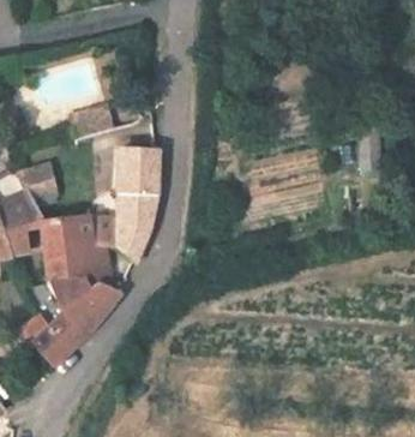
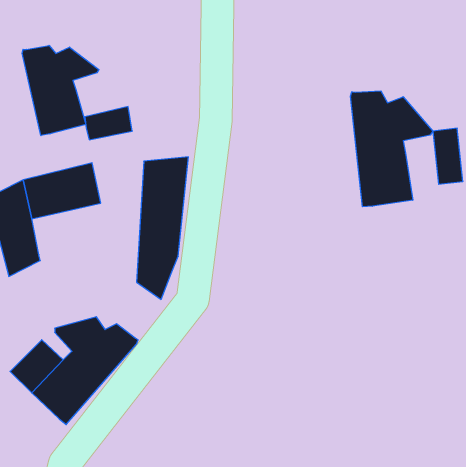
building: none -> [22,45,99,136]
building: none -> [351,91,433,207]
building: [35,215,122,298] -> none

